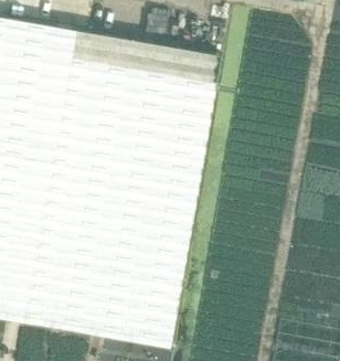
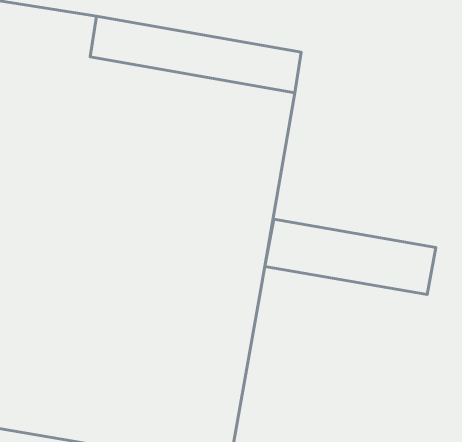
building: none -> [265,219,436,295]

